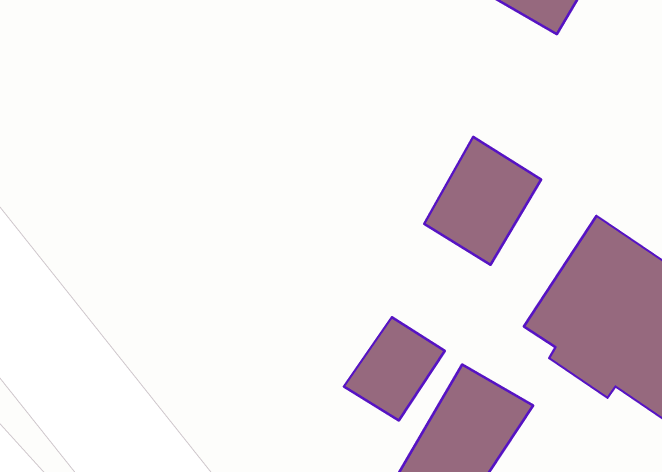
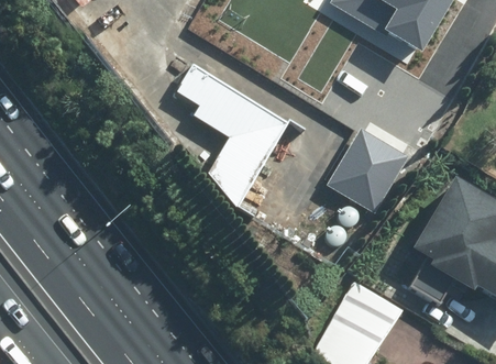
building: none -> [175,69,285,208]
building: [344,317,445,421] -> none

